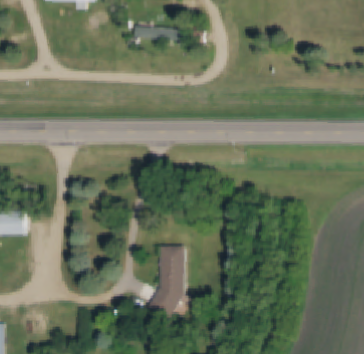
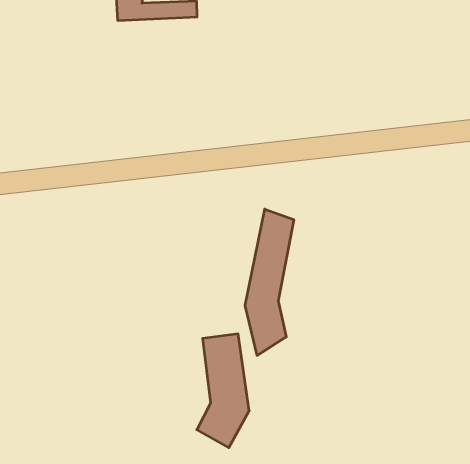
building: none -> [245,209,294,355]

